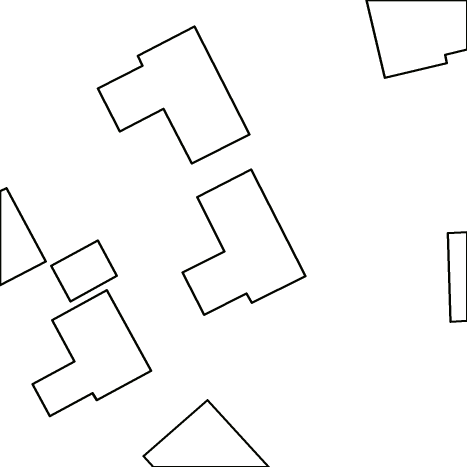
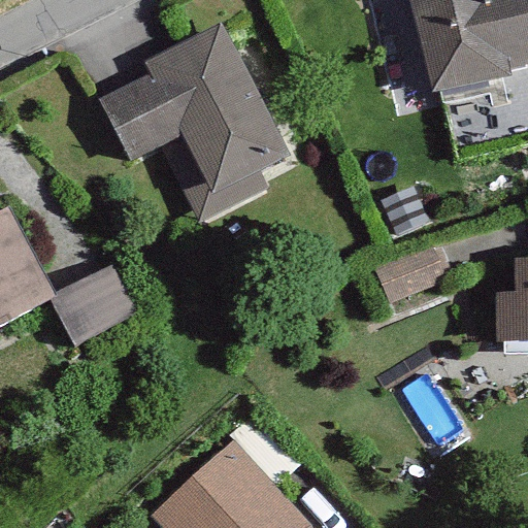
building: [183,169,305,315] -> none
building: [32,290,151,416] -> none

